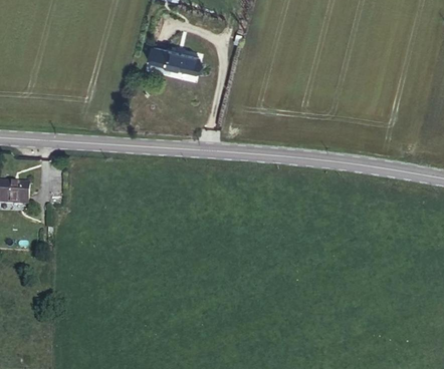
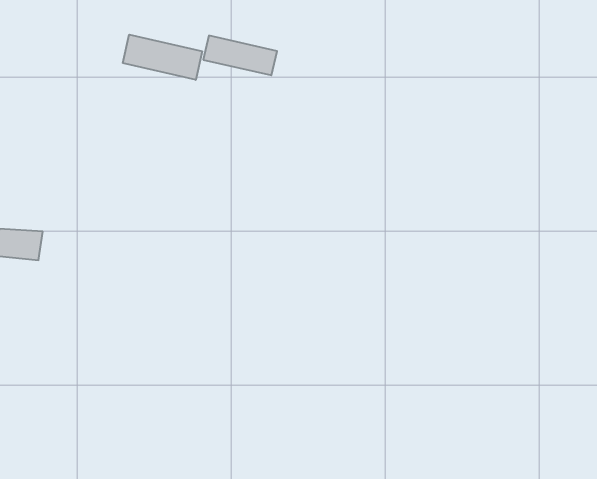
building: none -> [123,35,202,80]

